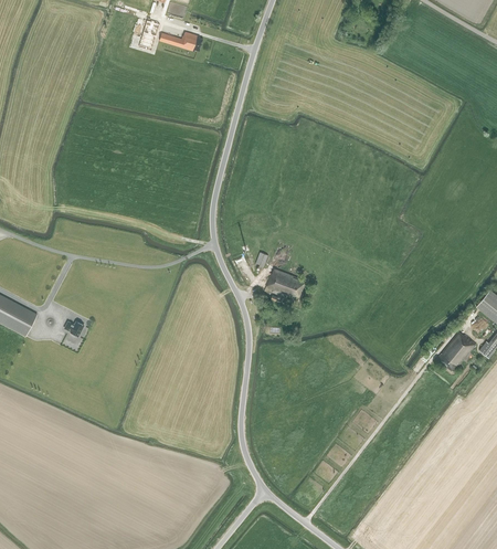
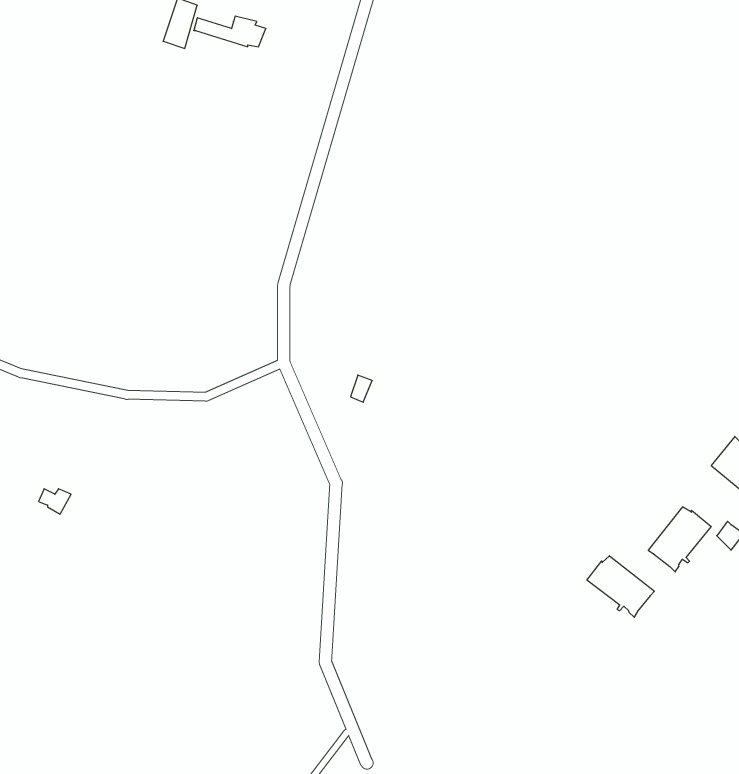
building: [265,267,305,297] -> none
building: none -> [587,556,654,617]

